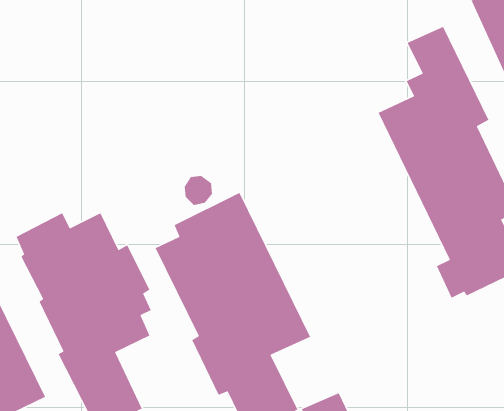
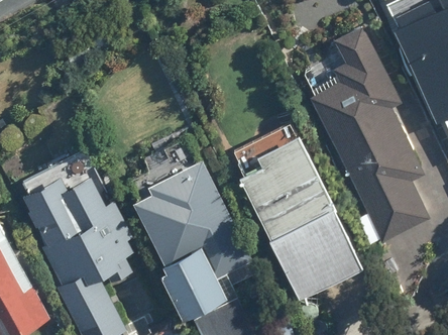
building: none -> [241,135,366,298]

